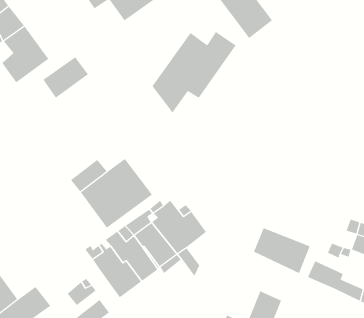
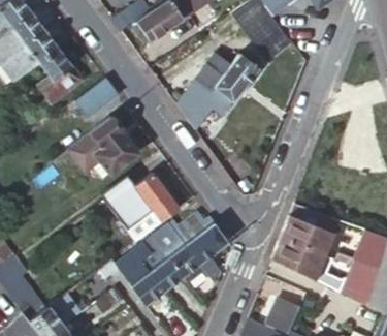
building: none -> [69,116,137,177]
building: none -> [281,206,340,255]

